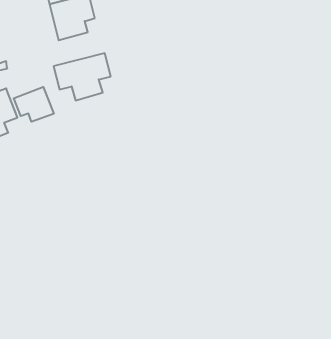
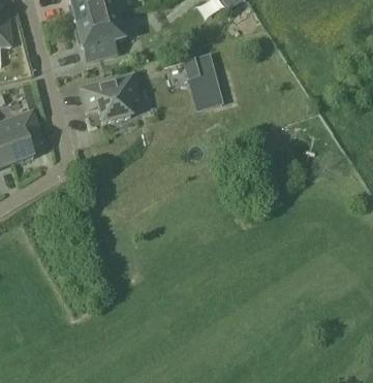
building: none -> [188,53,222,107]
building: [14,87,54,122] -> none

